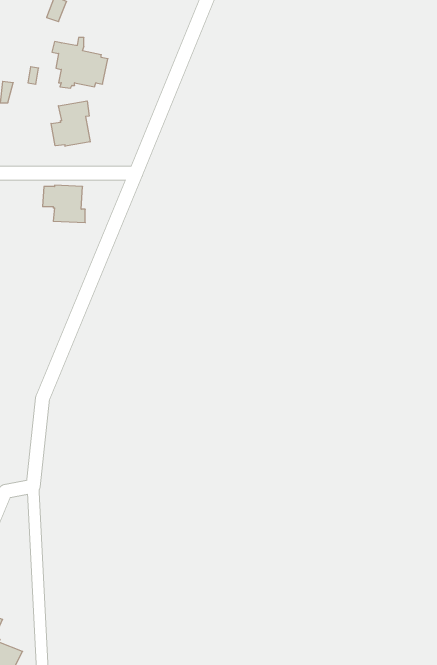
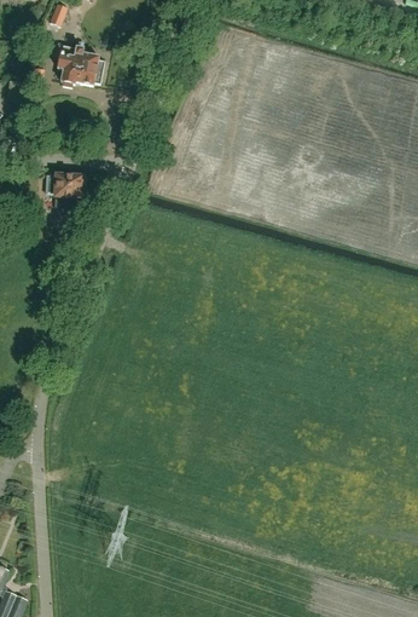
building: [51,101,90,146] -> none

